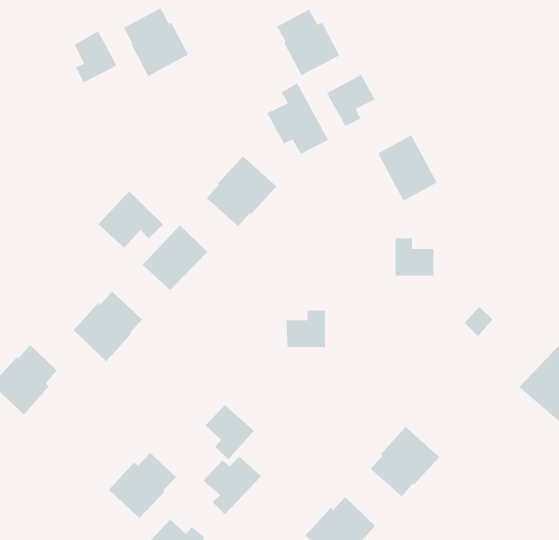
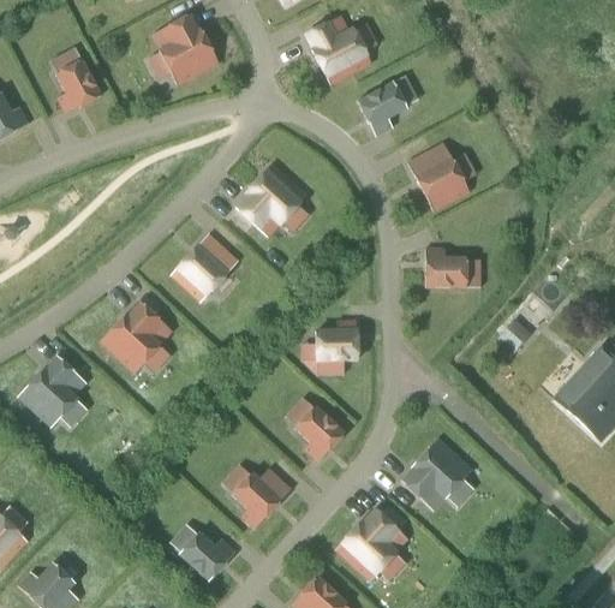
building: [74,30,118,84] -> [58,59,102,113]
building: [266,82,329,155] -> none
building: [98,190,164,249] -> none
building: [205,404,255,460] -> [295,405,346,461]
building: [108,452,177,519] -> none

